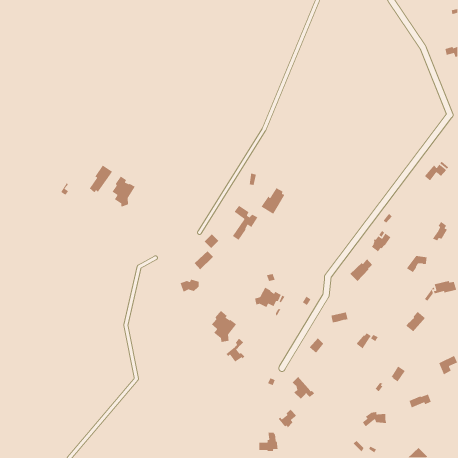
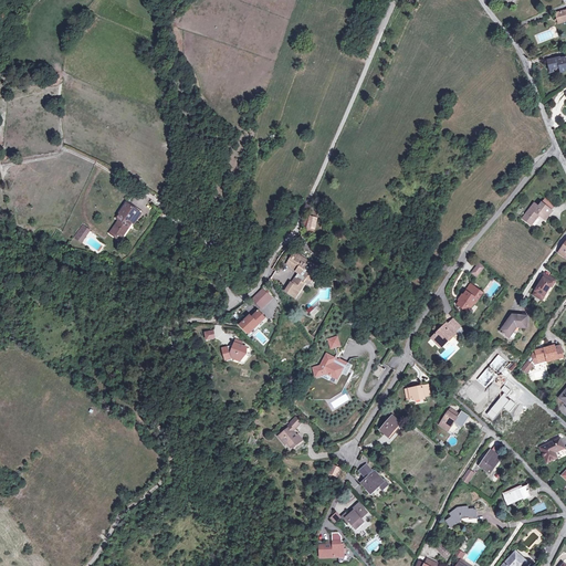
building: [112,176,136,208] -> none
building: [261,187,286,215] -> none
building: [211,310,237,343] -> none

